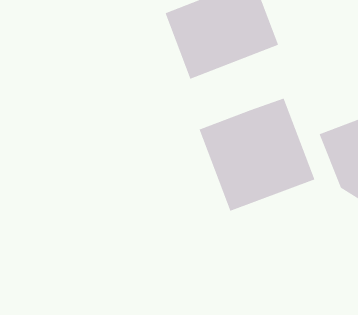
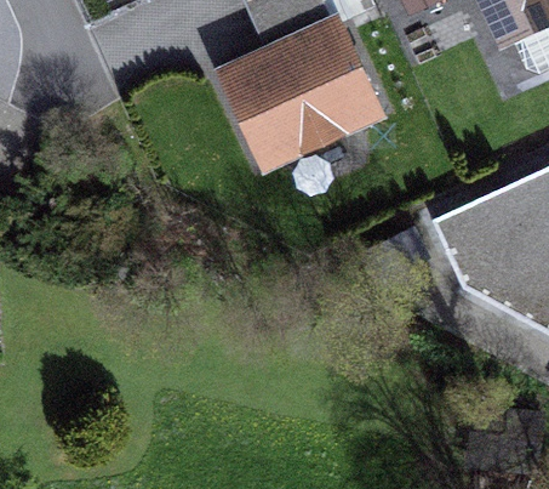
building: [198,97,315,212] -> none

